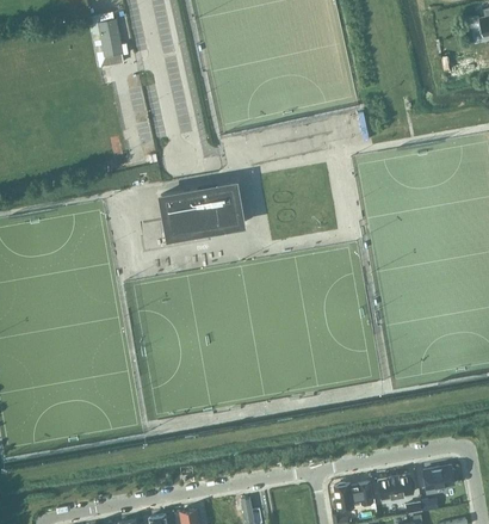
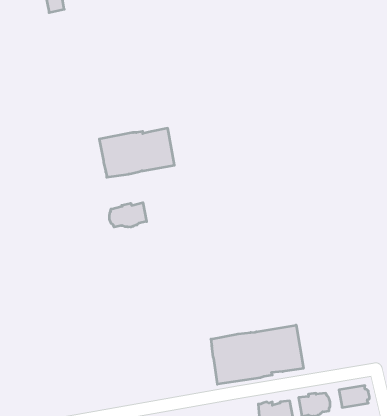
building: none -> [109,203,147,227]
building: none -> [211,325,303,384]

